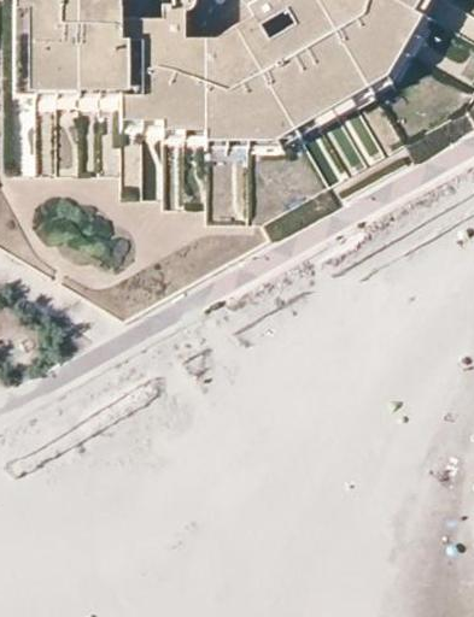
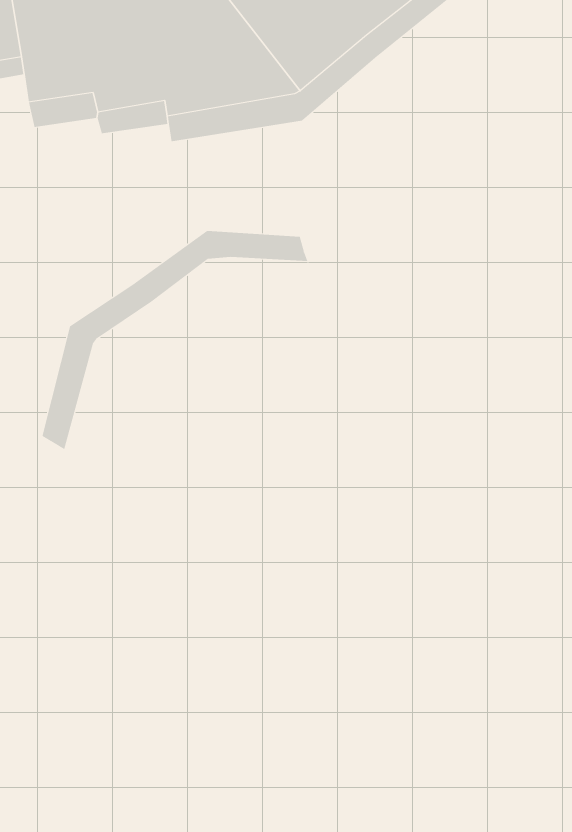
building: none -> [42,230,308,450]

